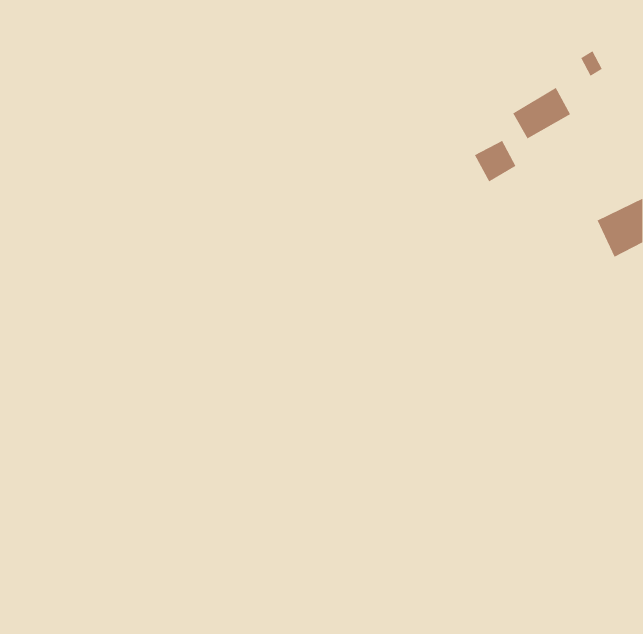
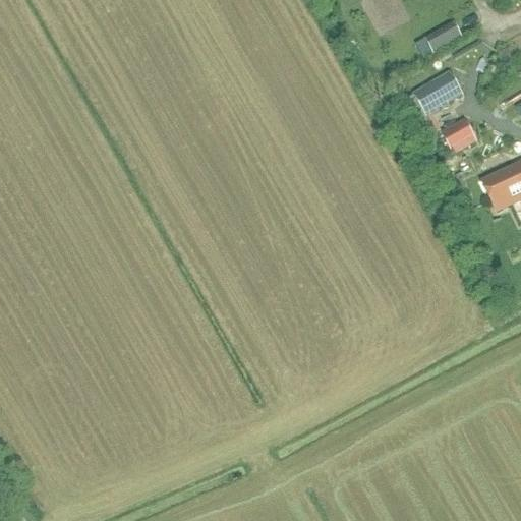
building: none -> [425,19,462,51]
building: [474,140,516,183] -> [442,117,476,152]

